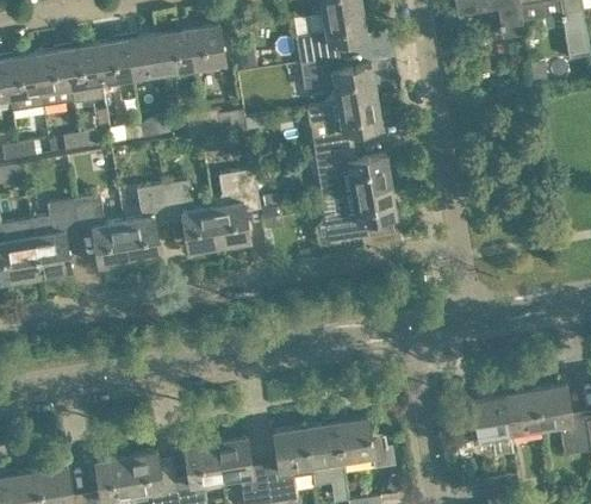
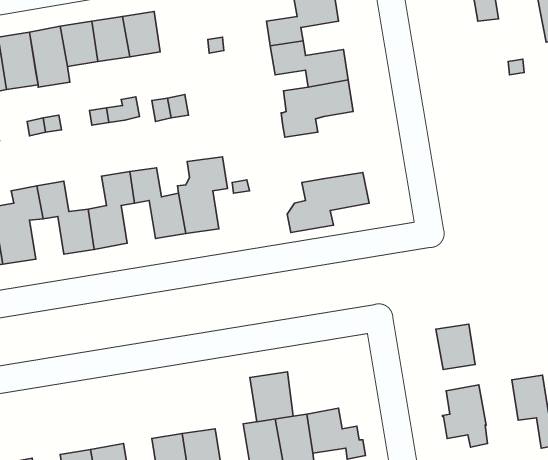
building: [187,25,225,69] -> none
building: [315,148,391,198] -> none
building: none -> [250,372,293,422]
building: [504,390,542,434] -> [436,324,475,369]

